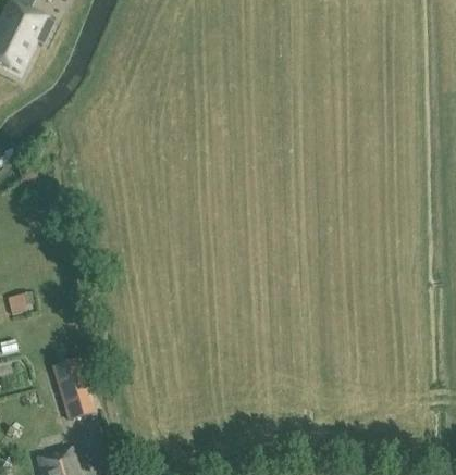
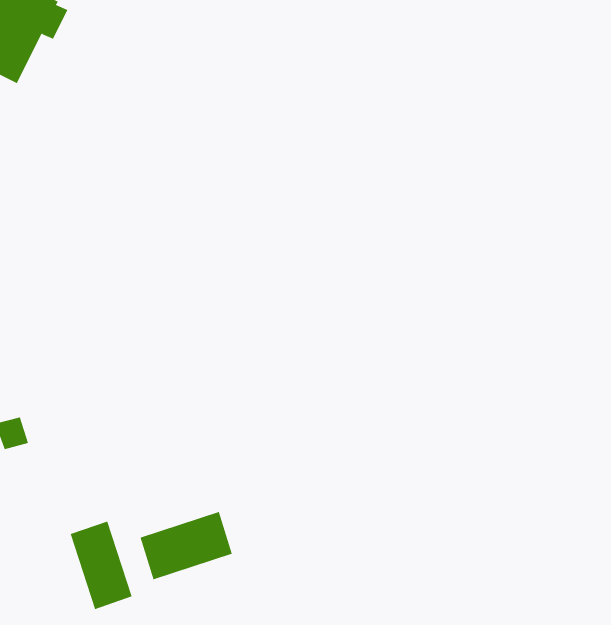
building: none -> [140,511,232,580]

